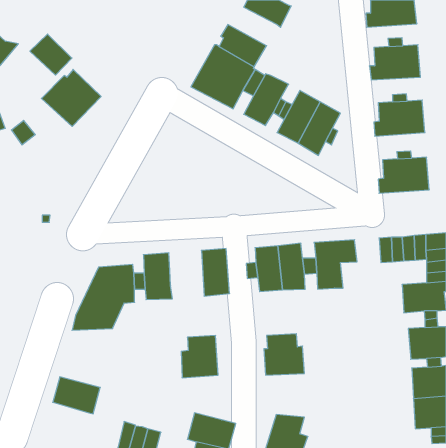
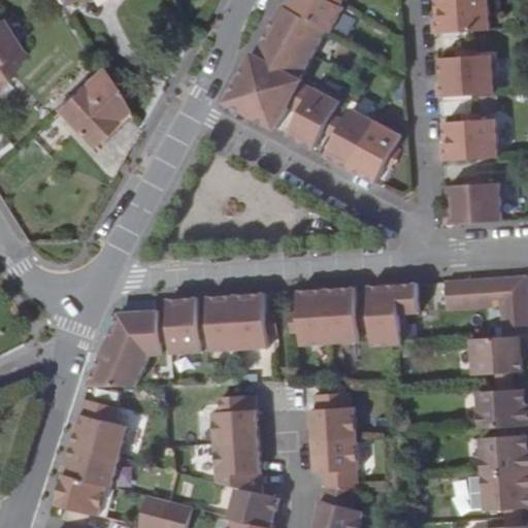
building: none -> [267,7,325,55]
building: [30,34,72,75] -> none
building: none -> [209,295,239,351]
building: none -> [70,400,125,456]
building: none -> [311,439,358,491]
building: none -> [213,441,260,494]
building: none -> [53,473,104,517]

